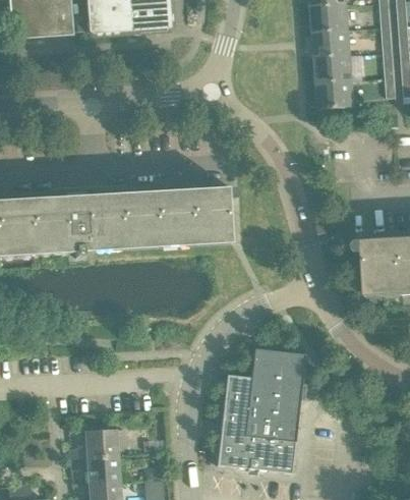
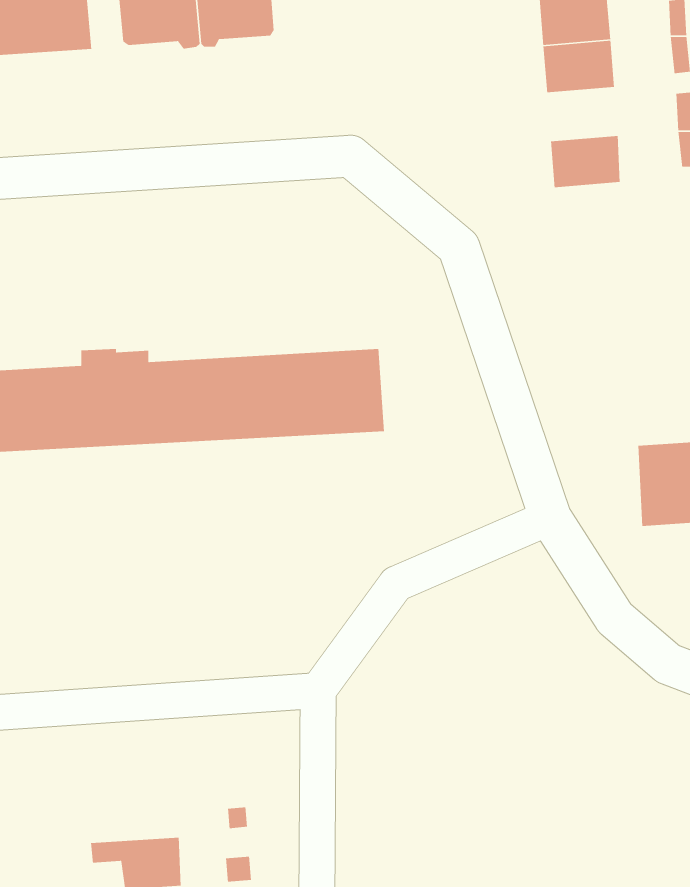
building: [315,55,354,84] -> none
building: [217,349,306,474] -> none
building: [70,429,119,459] -> none

